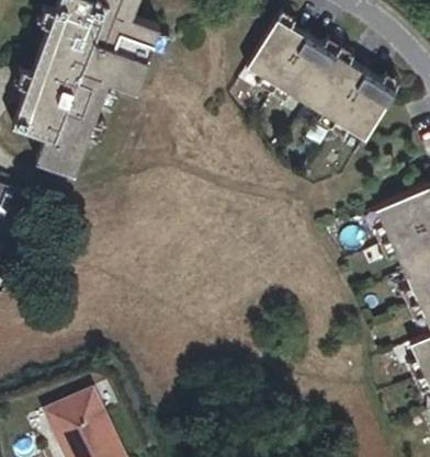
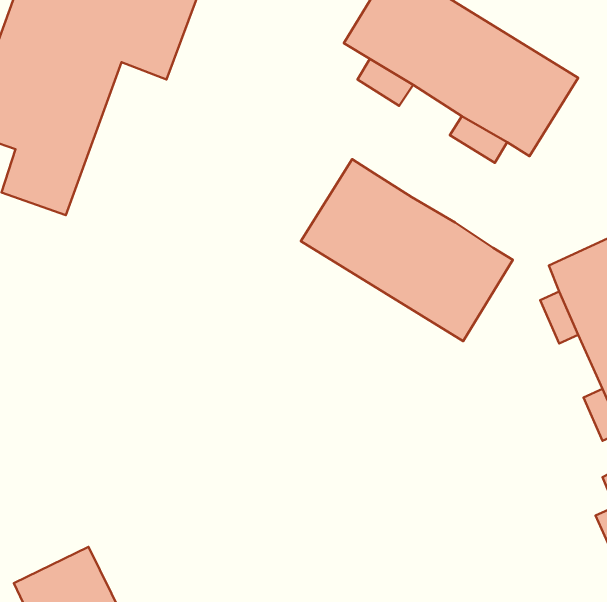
building: none -> [301,159,513,341]

